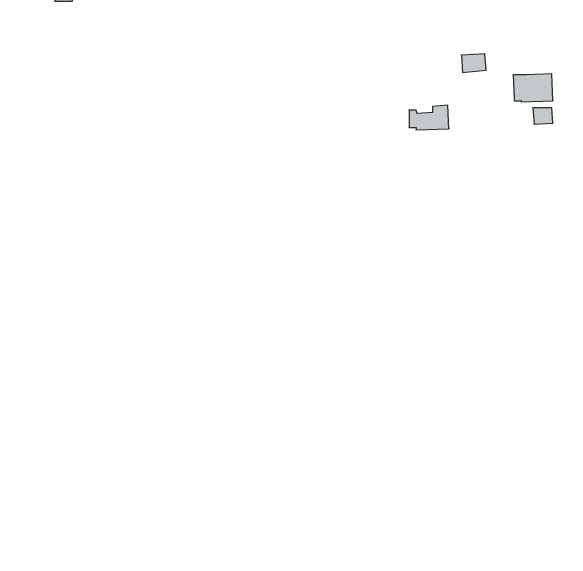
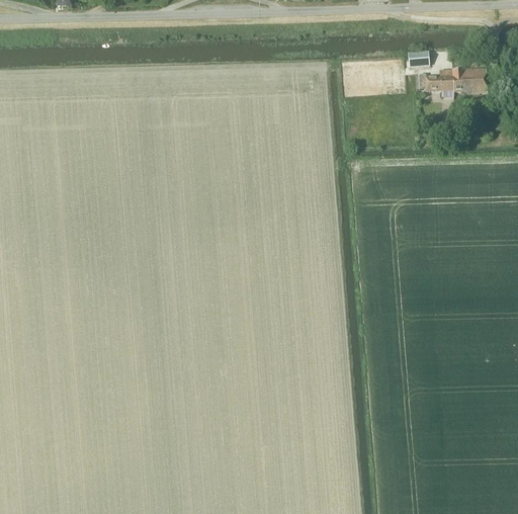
building: [409,105,449,130] -> [419,69,453,90]

